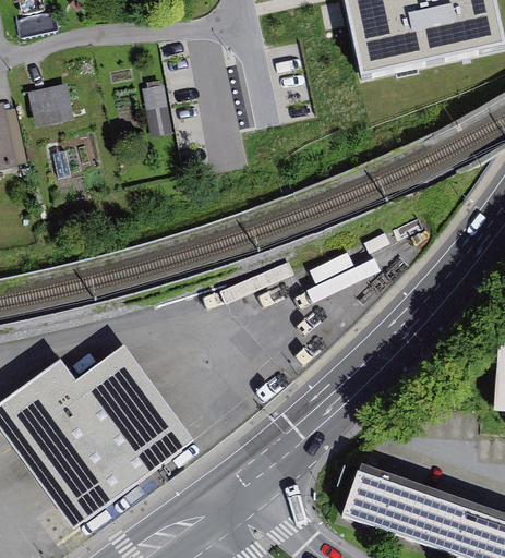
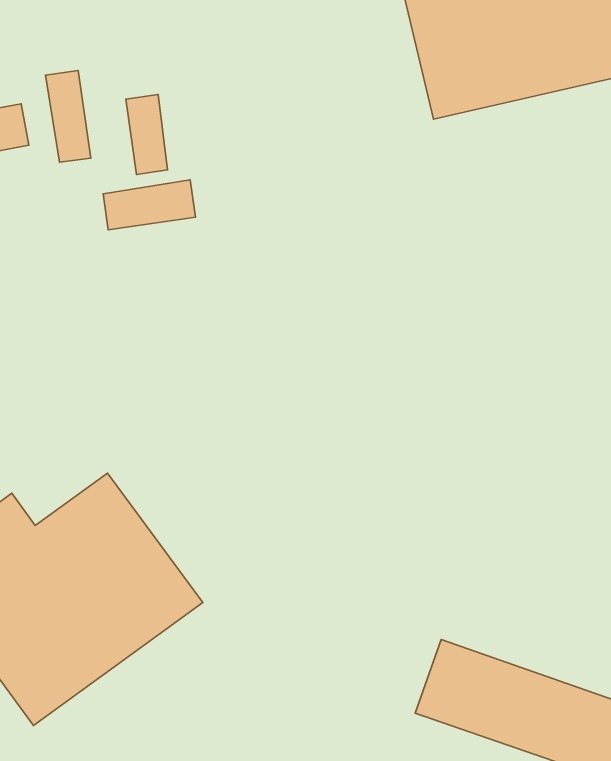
building: none -> [45,70,91,162]
building: none -> [103,180,196,230]

